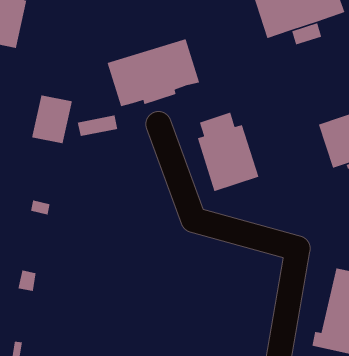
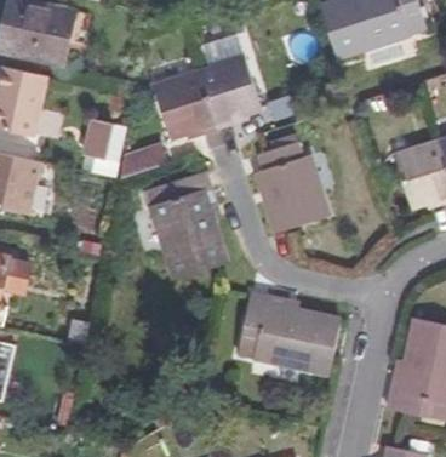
building: none -> [148,170,230,278]
building: none -> [241,291,344,370]

